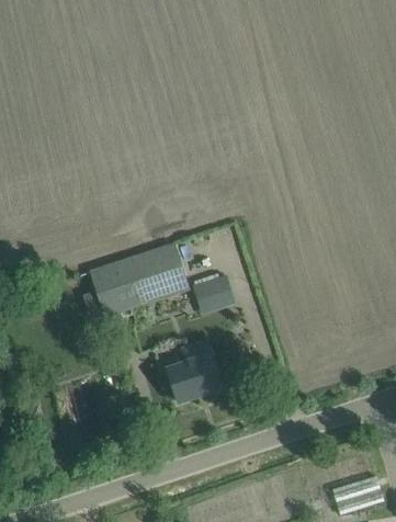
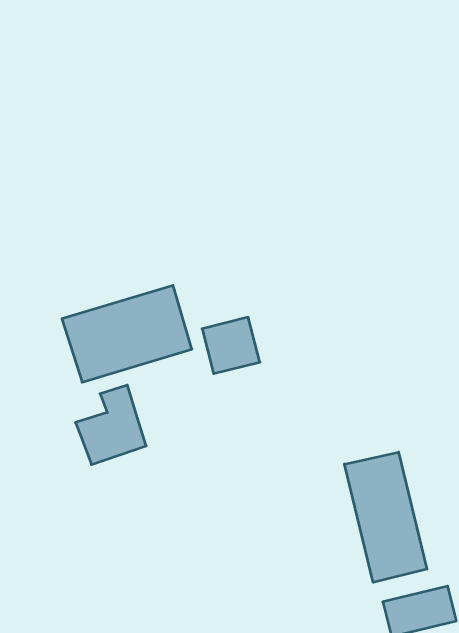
building: [165,340,218,400] -> [75,385,146,465]
building: none -> [344,452,427,582]

